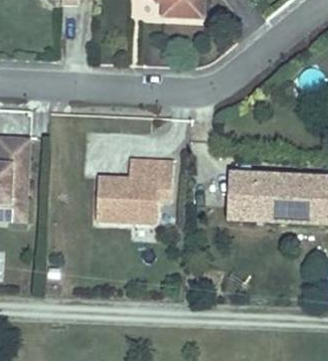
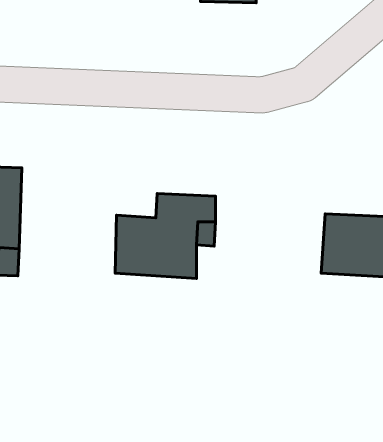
building: [229,172,255,217] -> none

